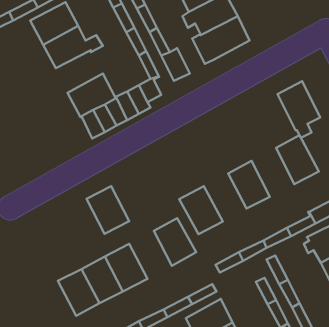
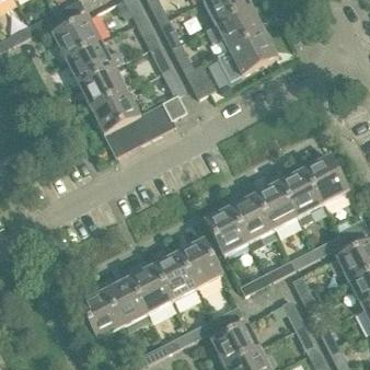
building: none -> [77,66,125,109]
building: [278,81,320,138] -> [278,166,322,224]
building: none -> [229,193,273,251]
building: [87,186,129,234] -> [152,252,196,301]

